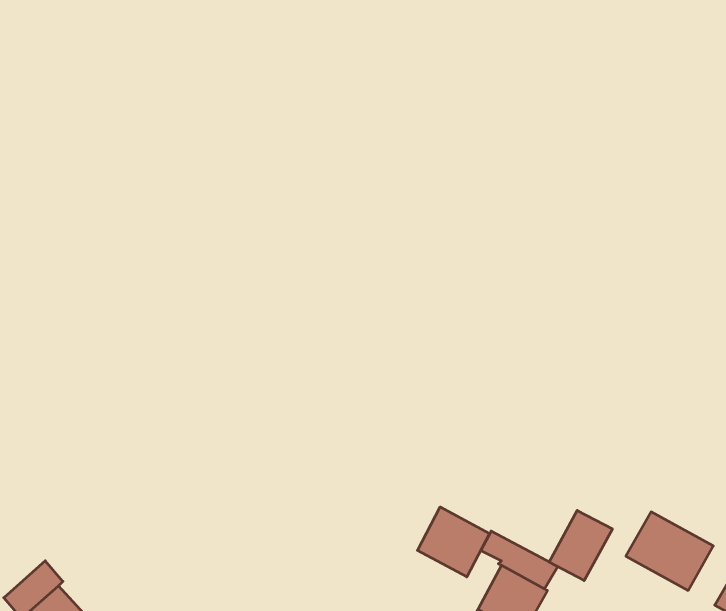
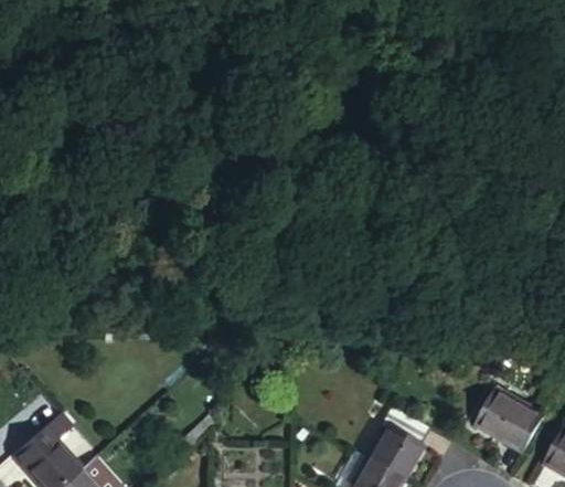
building: [417,507,489,577] -> none
building: [549,510,612,581] -> none

